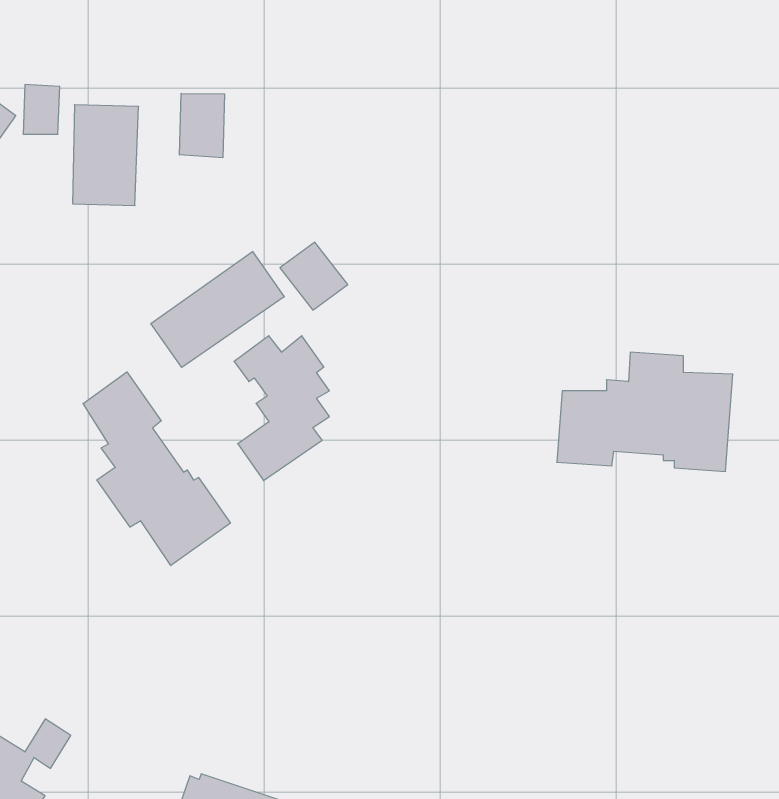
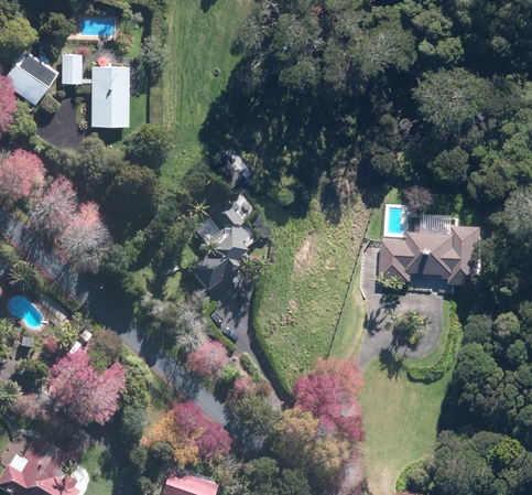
building: [180,93,225,158] -> none
building: [151,252,284,367] -> none
building: [83,372,230,566] -> none

